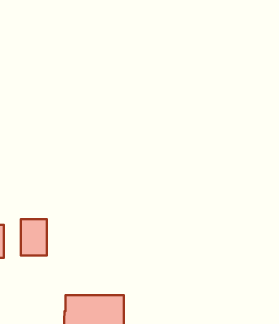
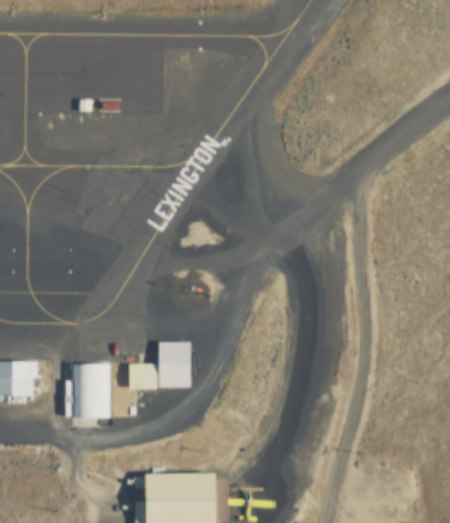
building: none -> [130,343,192,390]

